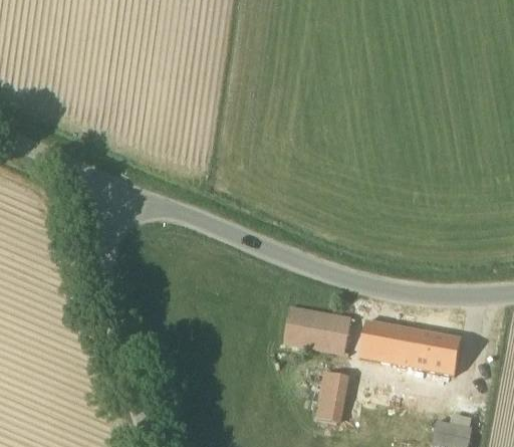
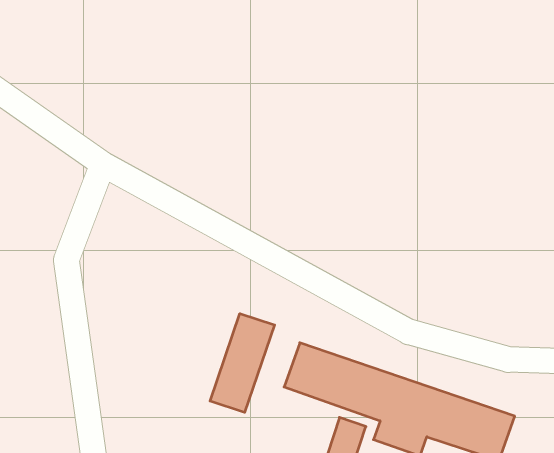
building: none -> [210,314,275,412]

